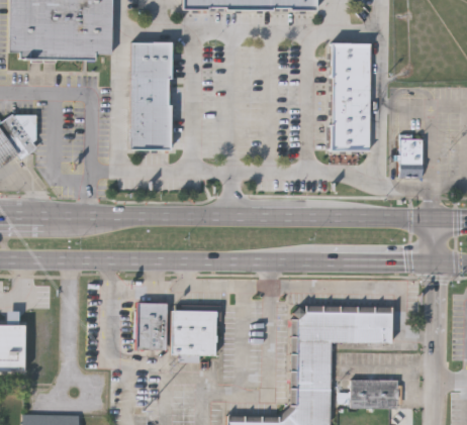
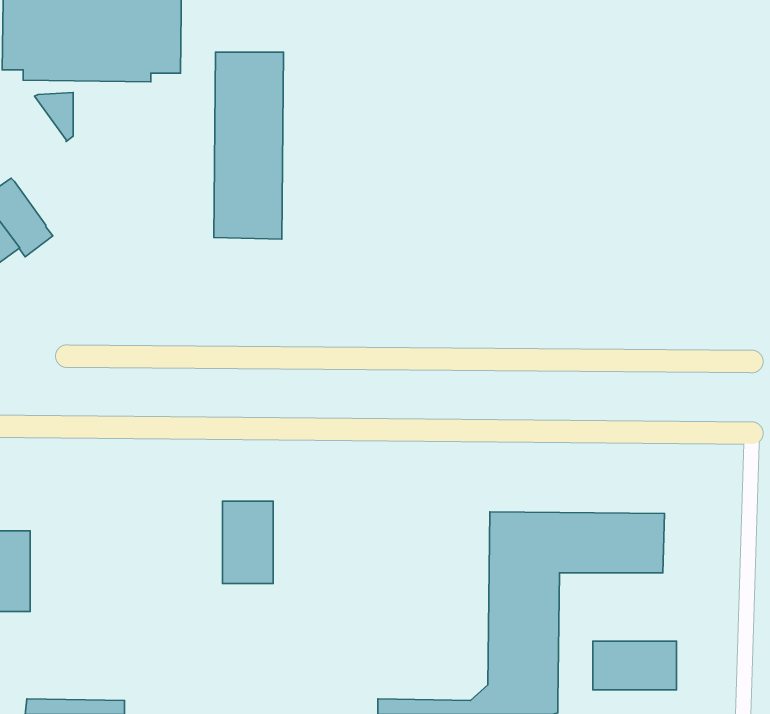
building: [332,42,372,149] -> none
building: [16,114,38,142] -> [35,93,73,142]
building: [399,140,423,179] -> none
building: [172,309,216,361] -> none

